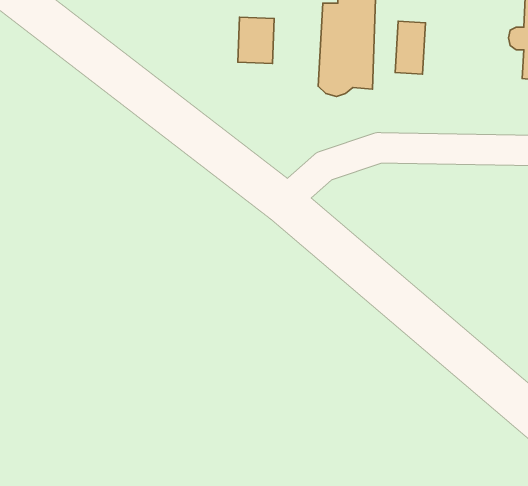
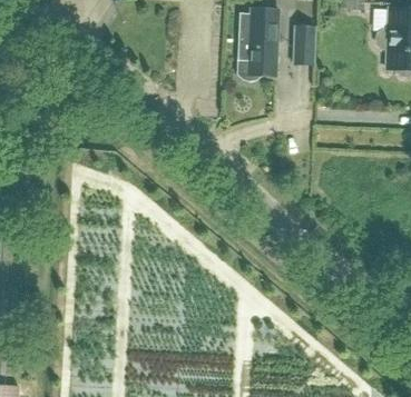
building: [238,17,274,64] -> none

